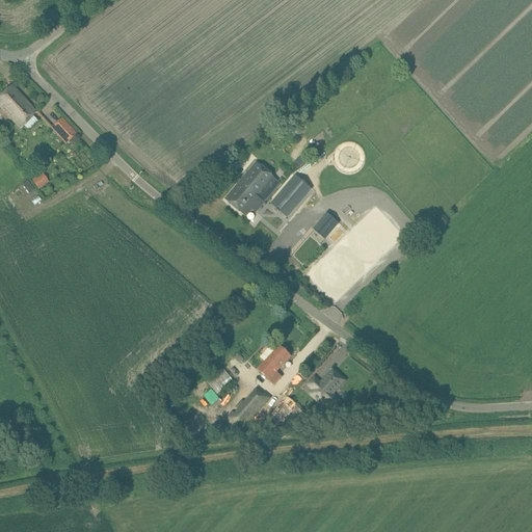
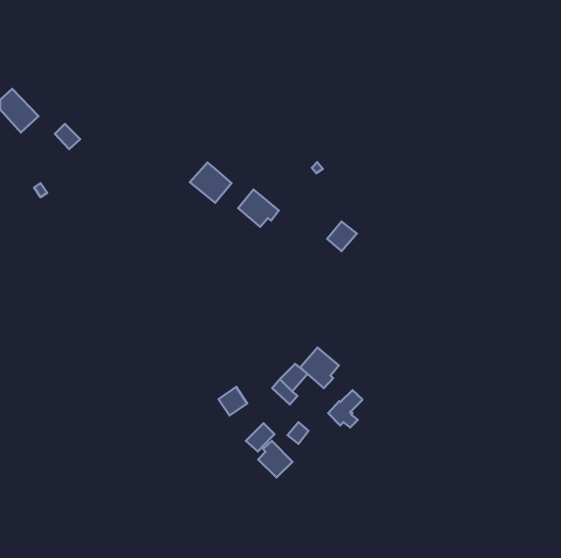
building: [240,161,280,200] -> [190,162,232,203]
building: [270,174,312,216] -> none
building: none -> [300,348,339,388]
building: none -> [258,441,292,478]

